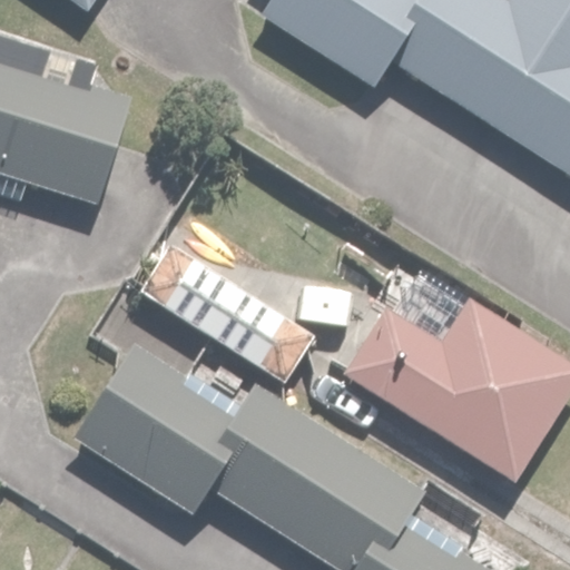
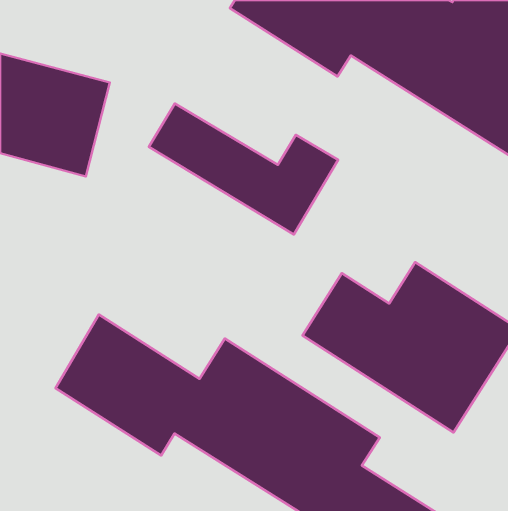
building: [136,242,345,386] -> [149,103,338,234]

